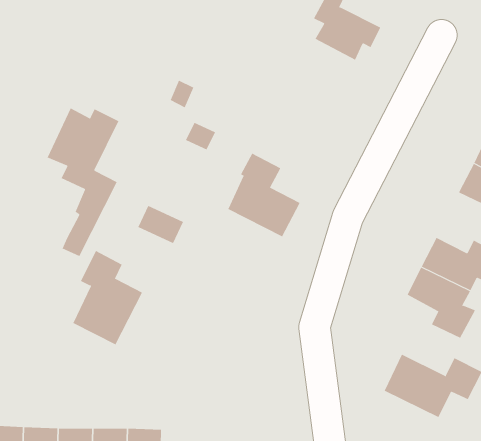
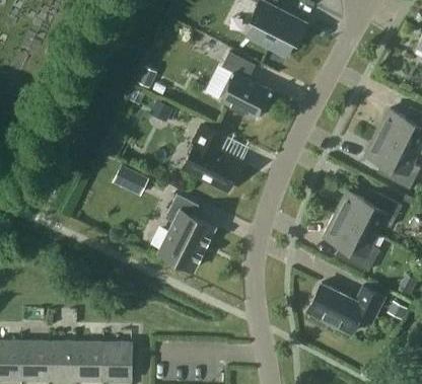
building: none -> [218,53,271,119]
building: [47,107,119,257] -> none
building: [72,250,143,345] -> [158,195,214,270]

